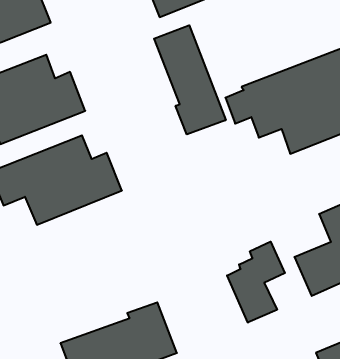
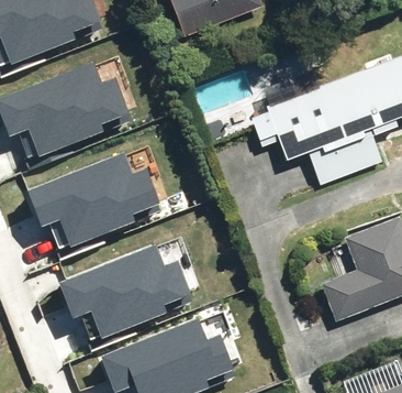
building: [154,25,226,134] -> none
building: none -> [48,244,182,336]
building: [227,242,285,323] -> none

